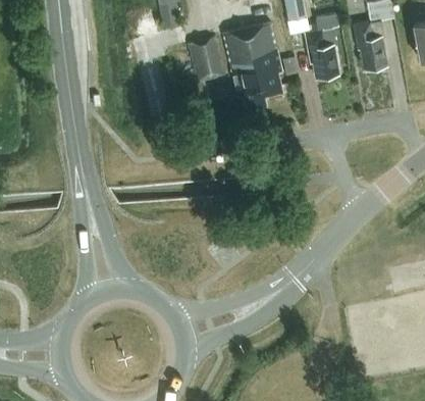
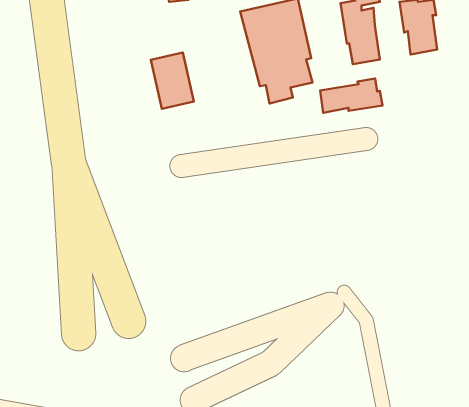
building: [189,37,224,84] -> [151,53,194,109]
building: none -> [320,79,383,113]

